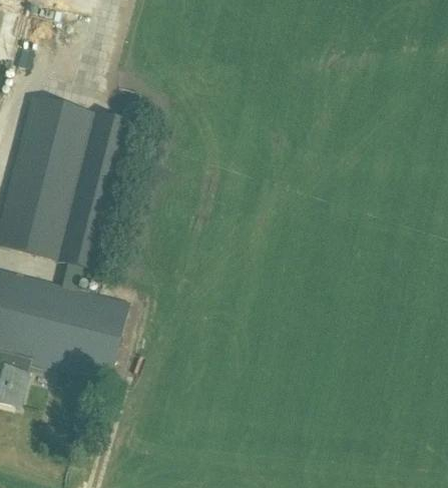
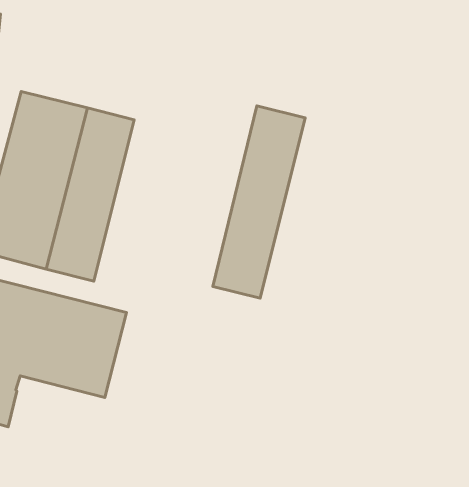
building: none -> [213,106,305,298]

